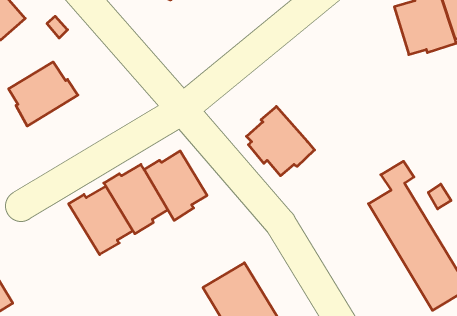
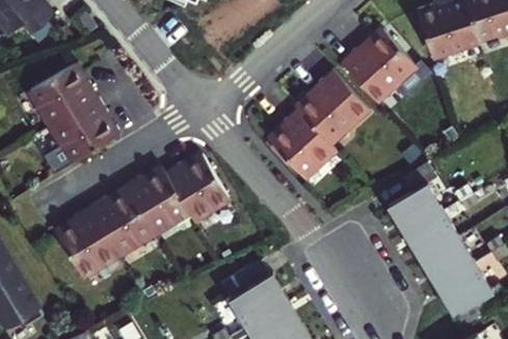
building: none -> [342,27,436,118]
building: none -> [296,70,371,145]
building: none -> [44,98,117,174]
building: none -> [55,207,121,277]

